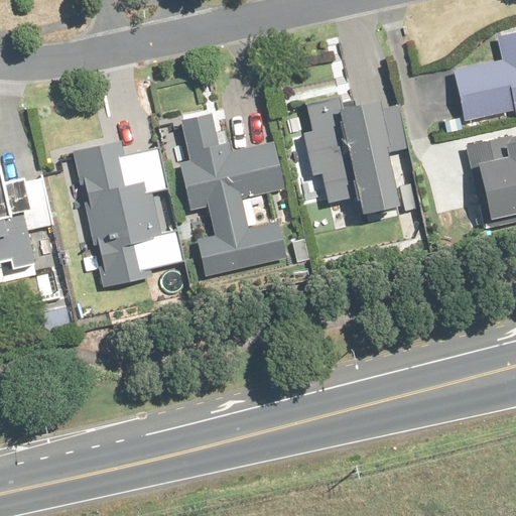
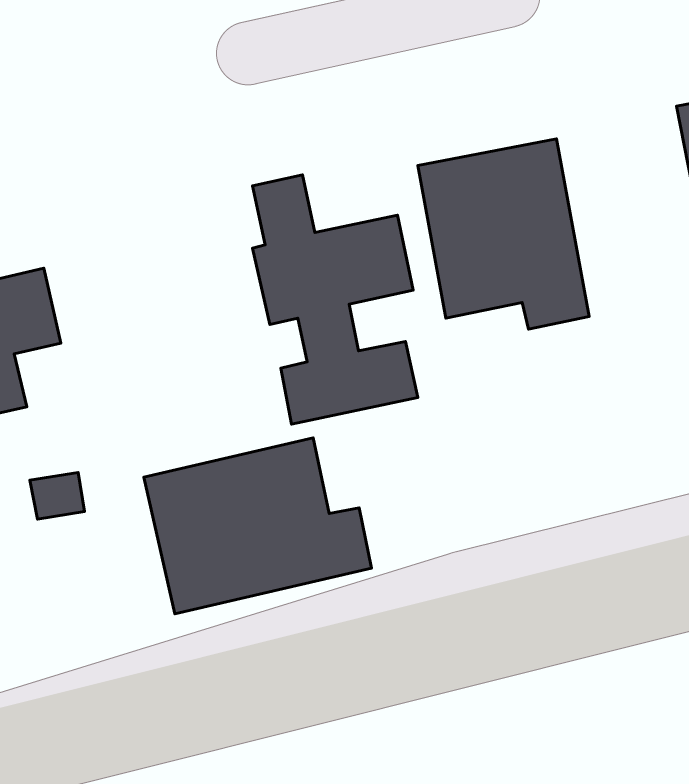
building: [75,143,181,286] -> none
building: none -> [144,438,372,614]

